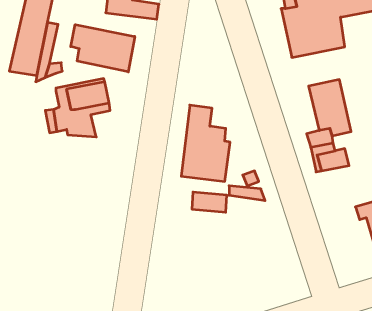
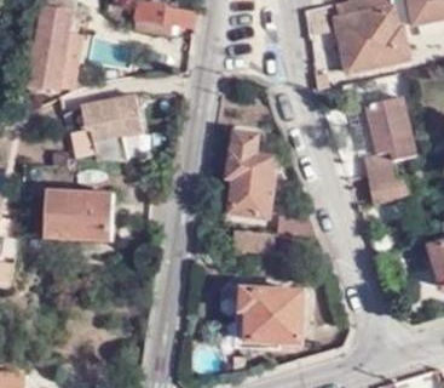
building: [71,25,135,72] -> none
building: none -> [46,193,115,244]
building: none -> [235,284,307,341]

